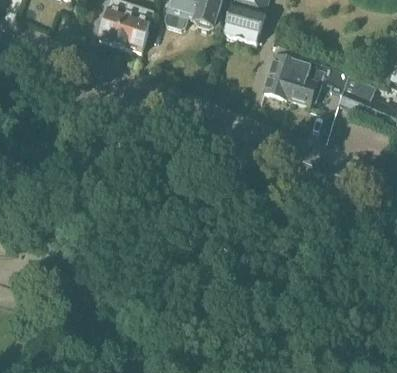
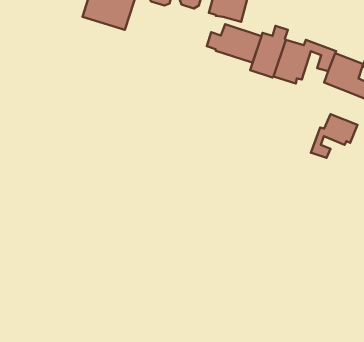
building: none -> [207,24,261,62]
building: none -> [311,114,357,158]

